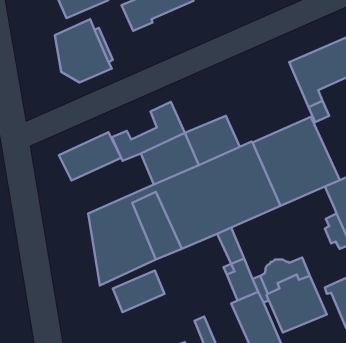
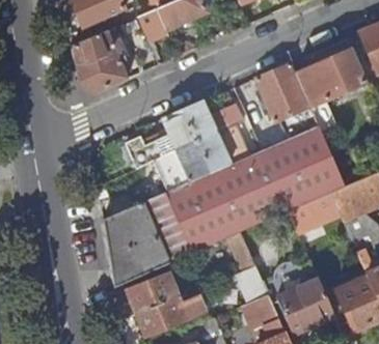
building: none -> [256,62,310,120]
building: none -> [184,102,244,140]
building: [59,132,121,181] -> none
building: none -> [290,192,342,231]
building: none -> [137,293,205,335]

